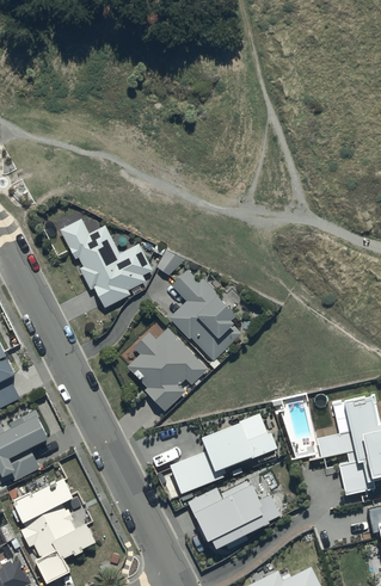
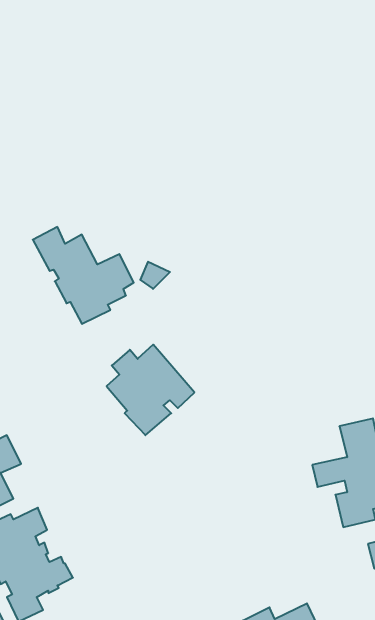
building: [168,270,241,362] -> none
building: [168,413,277,493] -> none
building: [191,486,266,548] -> none

